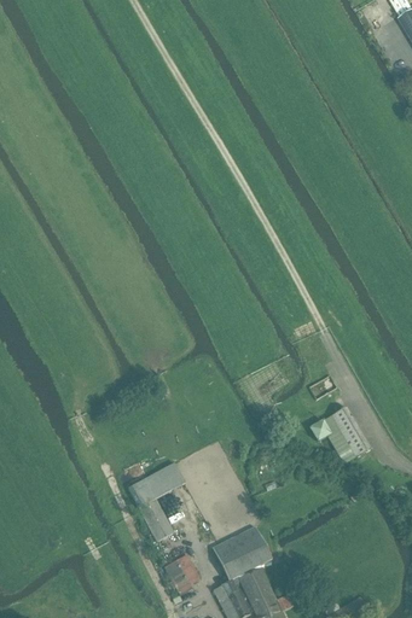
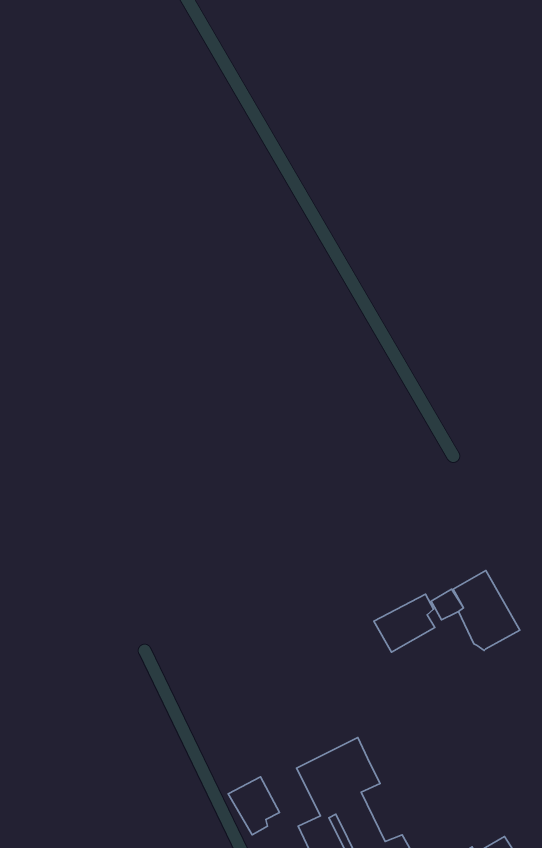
building: none -> [374,594,435,652]
building: [128,464,185,541] -> none

